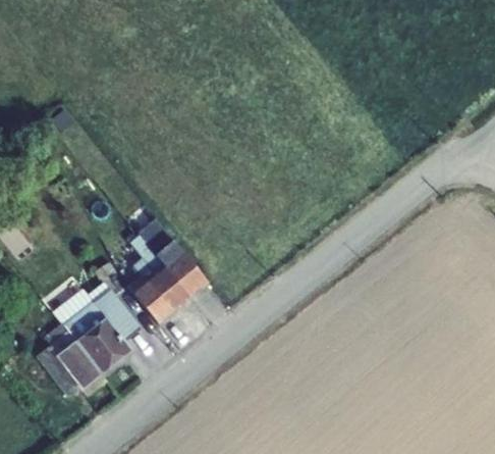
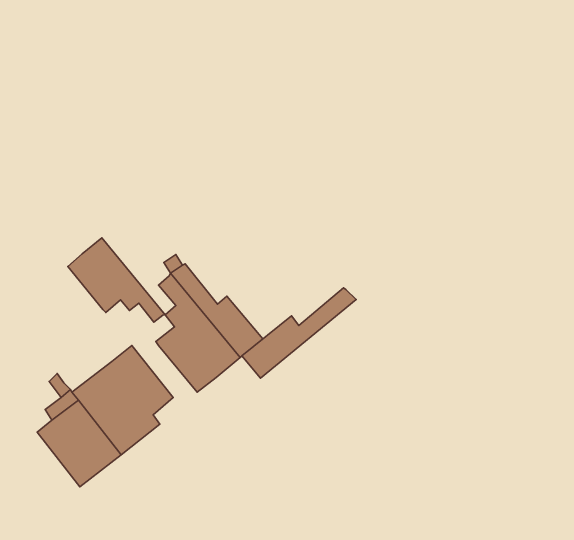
building: none -> [68,238,165,322]
building: none -> [242,288,356,378]

